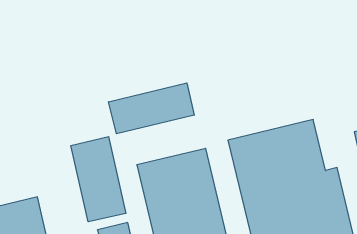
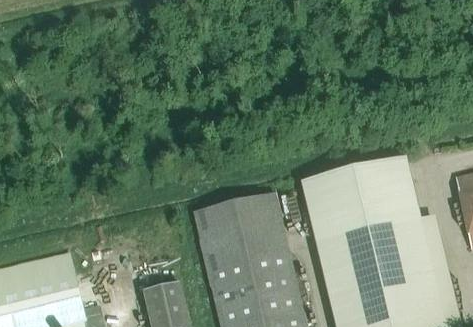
building: [109,83,194,134] -> none
building: [71,137,126,222] -> none

